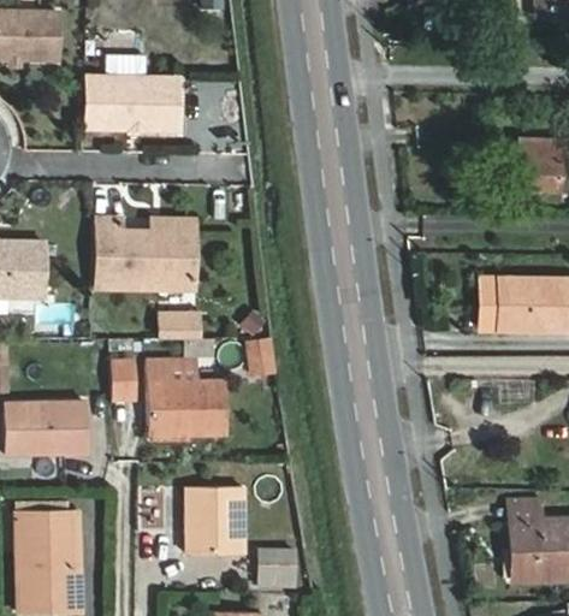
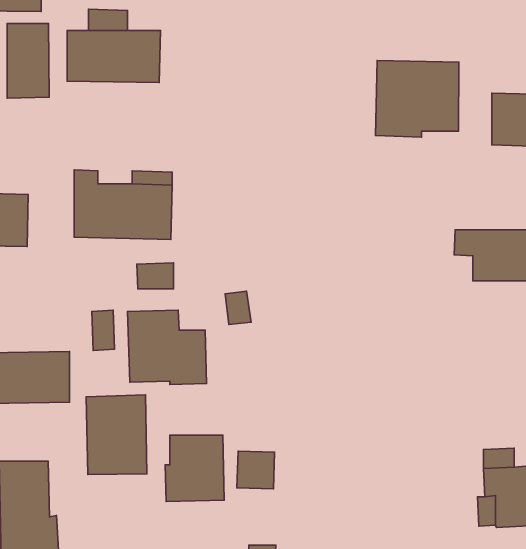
building: none -> [7,23,49,98]
building: none -> [375,60,459,137]
building: none -> [86,395,147,474]
building: [257,550,296,588] -> [237,451,275,489]

